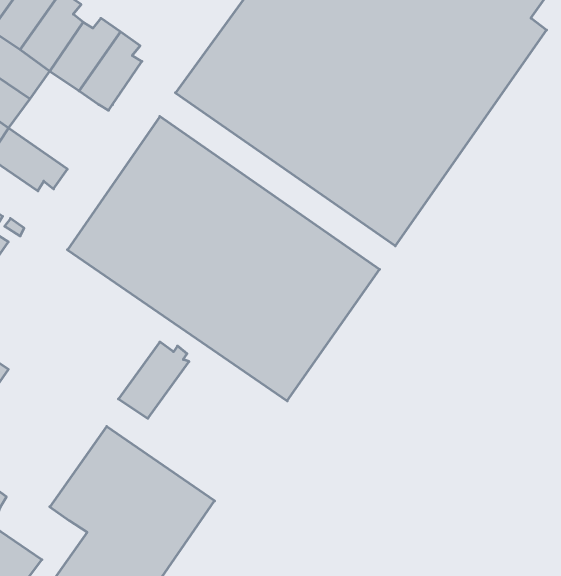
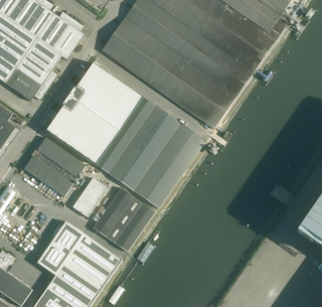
building: none -> [15,38,61,89]
building: none -> [23,136,86,196]
building: none -> [93,186,155,251]

